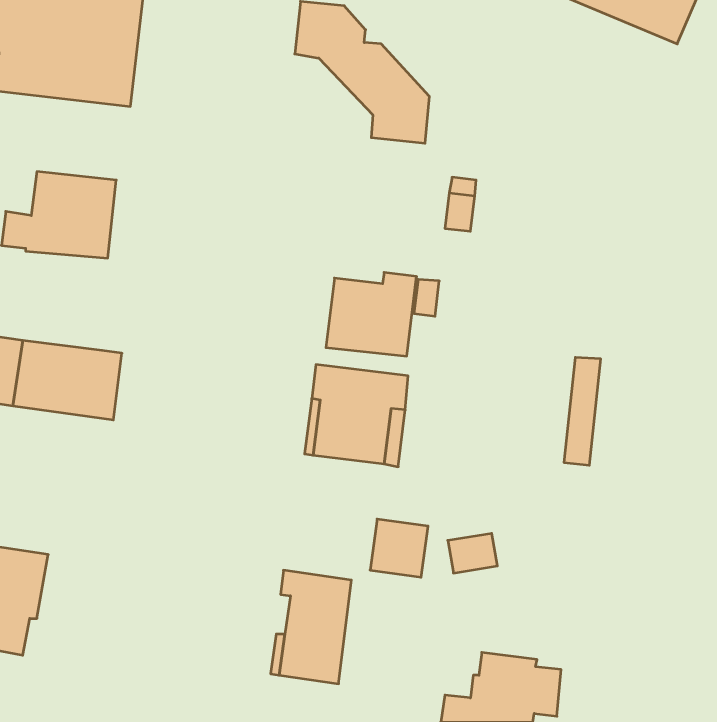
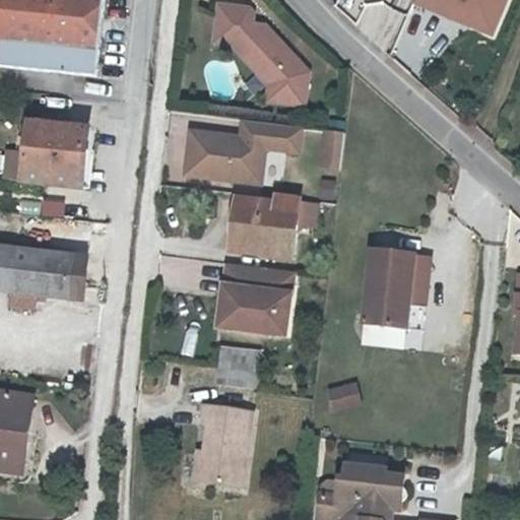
building: none -> [185,117,300,181]
building: none -> [362,251,412,331]
building: [370,519,428,577] -> [217,346,259,388]

